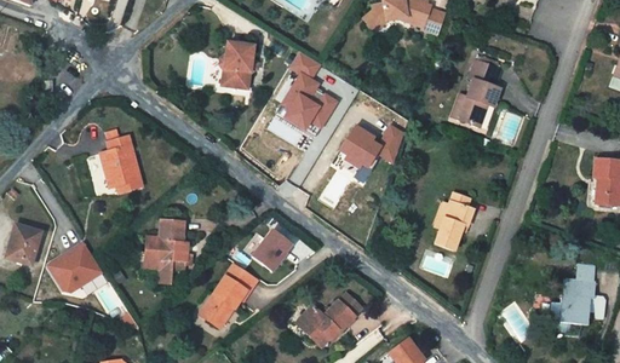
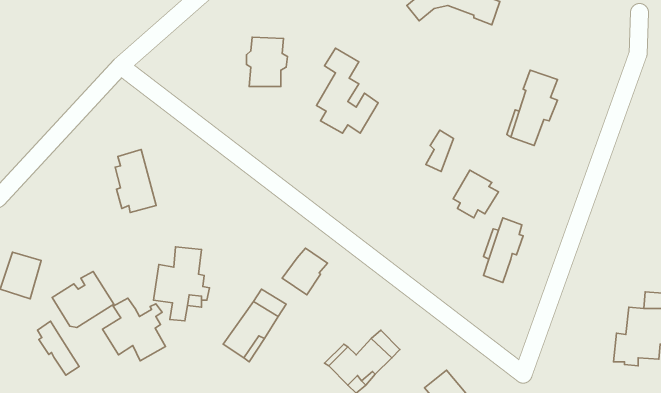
building: [343,122,383,165] -> [453,170,499,218]
building: none -> [103,298,165,361]
building: none -> [37,321,79,375]

